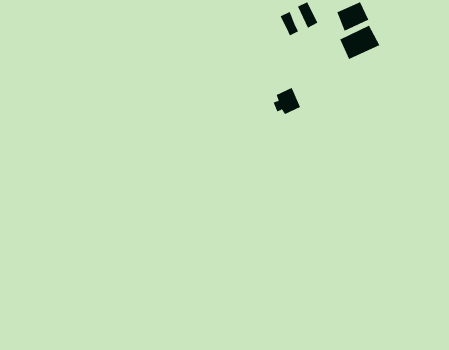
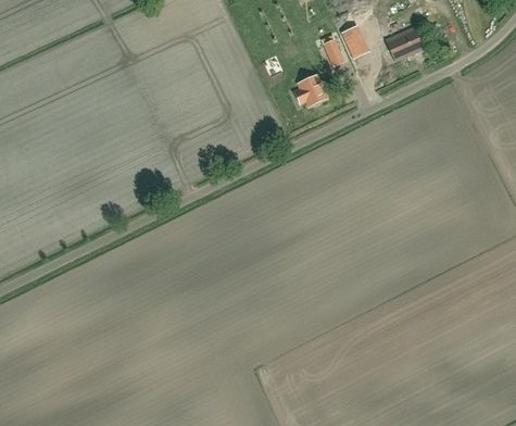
building: [339,25,380,60] -> none
building: [273,87,301,115] -> [295,74,327,105]

